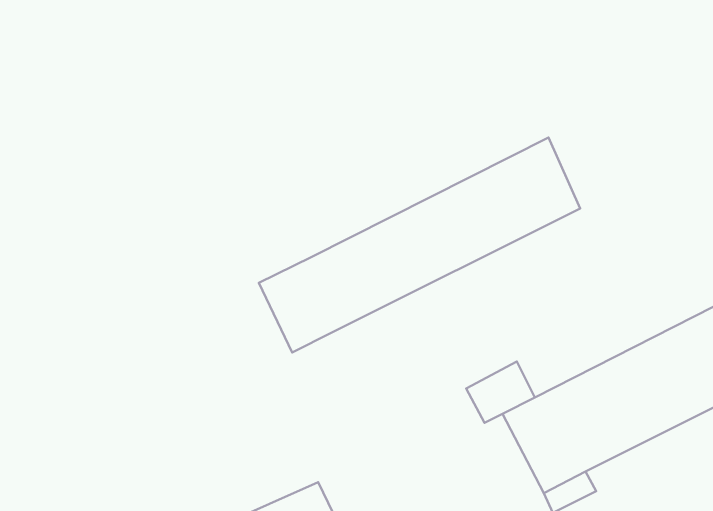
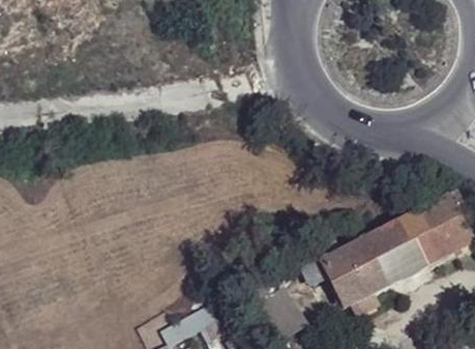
building: [259,137,580,352] -> none

